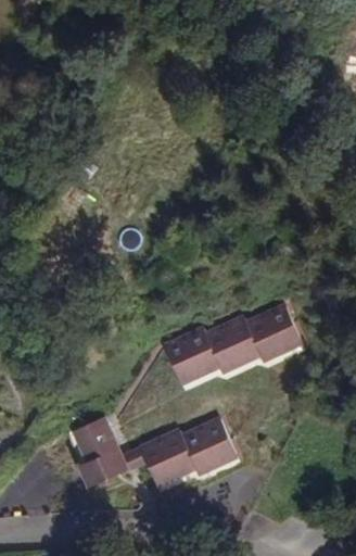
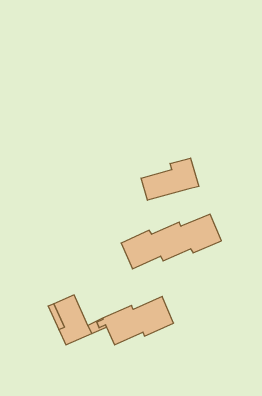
building: none -> [141,158,199,200]

